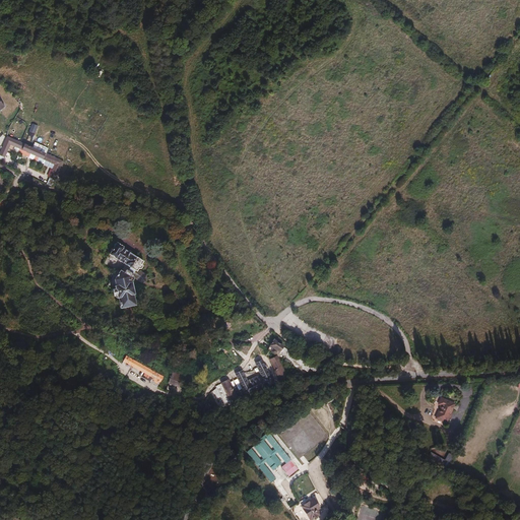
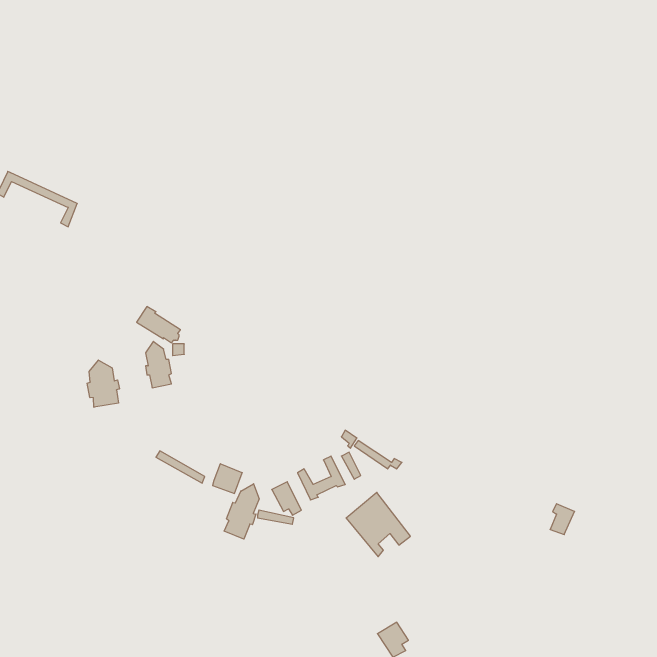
building: none -> [87,360,119,407]
building: none -> [224,484,259,539]
building: [246,433,297,483] -> [346,492,410,557]

